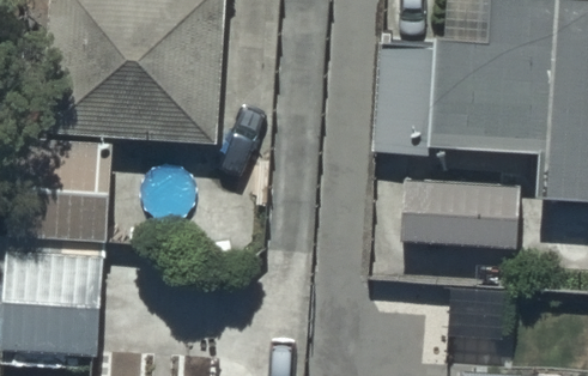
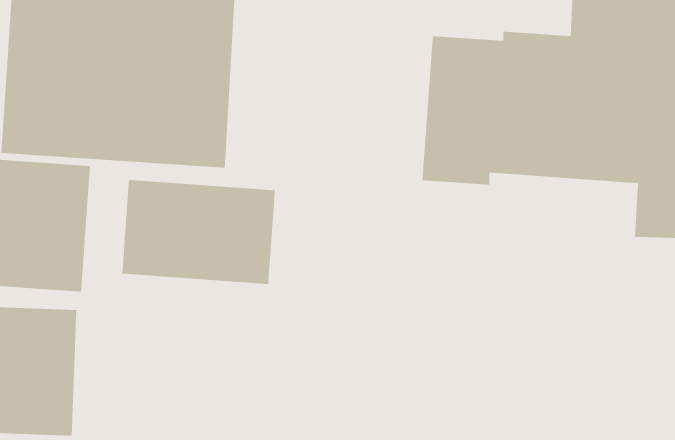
building: none -> [121,179,276,285]
building: [400,178,521,250] -> none

